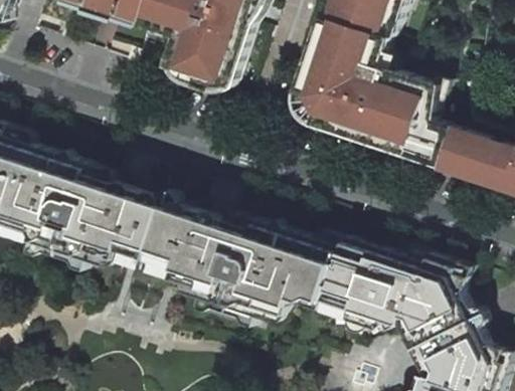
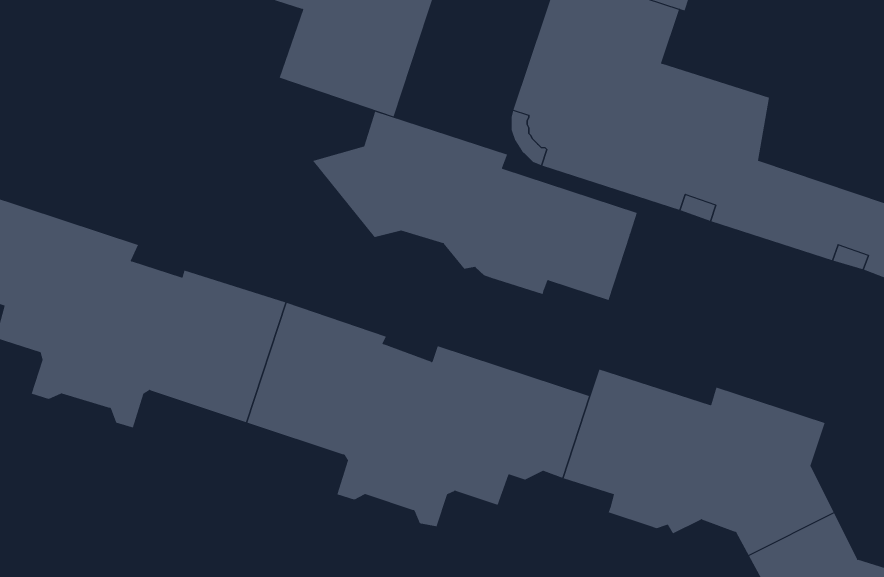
building: none -> [312,111,637,301]

